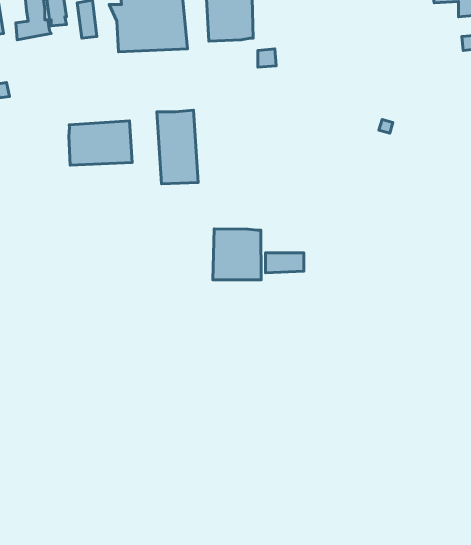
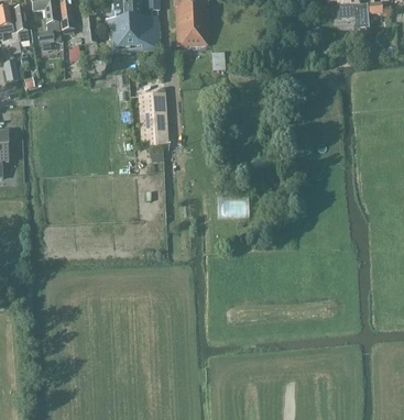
building: [69,121,132,165] -> none
building: [213,229,261,280] -> none

